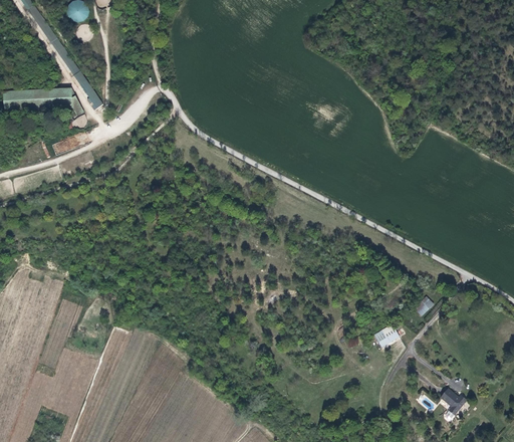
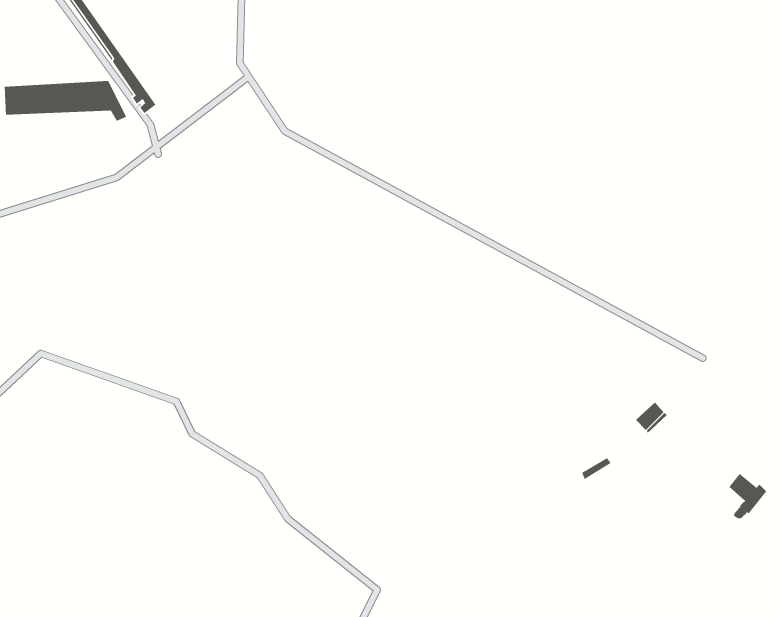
building: [441,389,466,419] -> [729,473,767,519]

